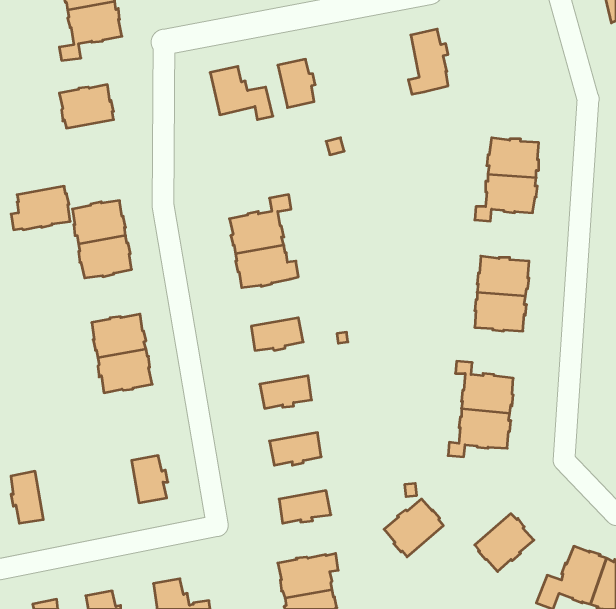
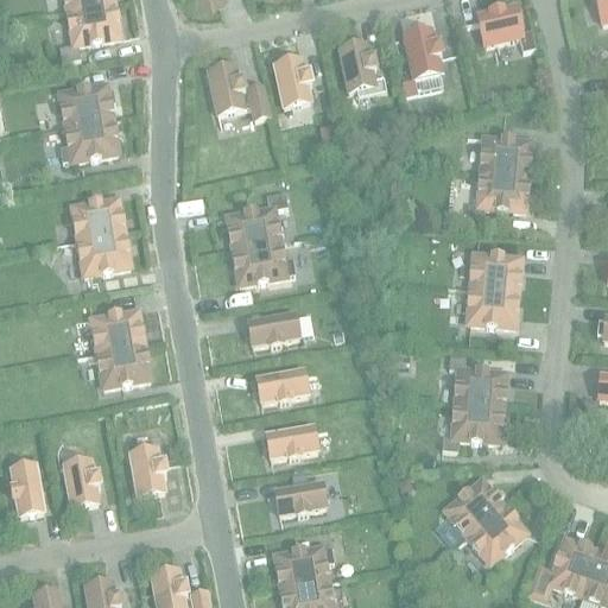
building: none -> [476,5,534,50]
building: none -> [338,43,386,94]
building: [11,186,70,230] -> [59,118,118,160]
building: none -> [63,460,99,506]
building: [384,499,443,557] -> [444,479,502,536]

